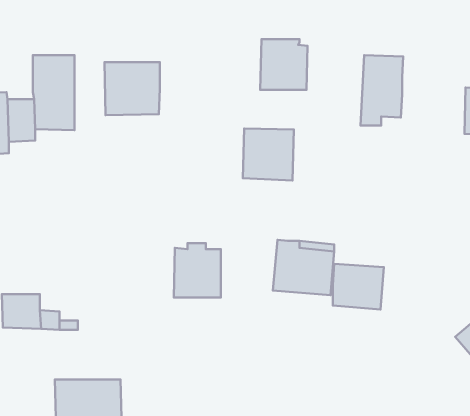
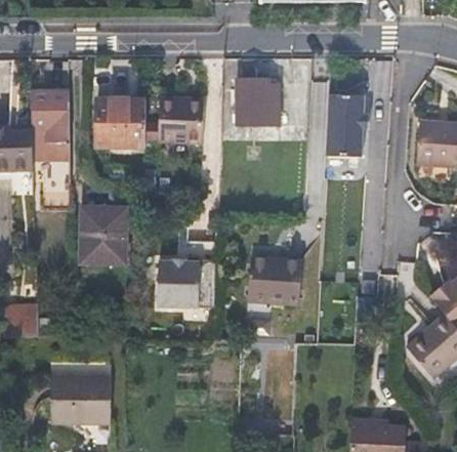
building: [243,128,294,180] -> [159,97,204,143]
building: none -> [82,208,127,263]
building: [333,264,384,309] -> none

